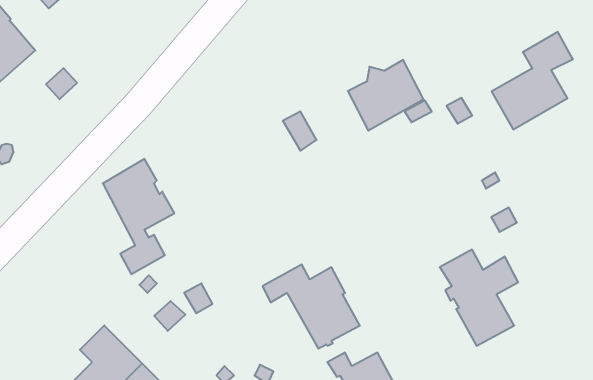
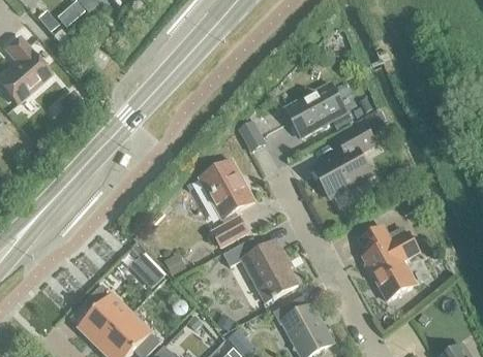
building: [492,32,573,129] -> [313,122,375,196]
building: [103,159,174,274] -> [200,158,254,246]

